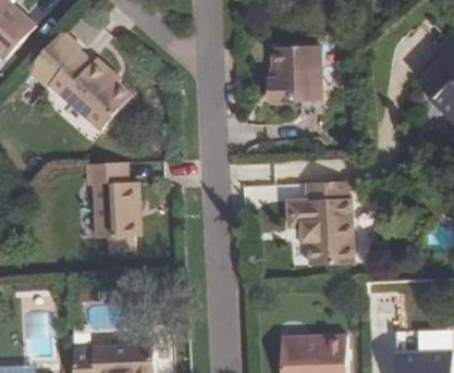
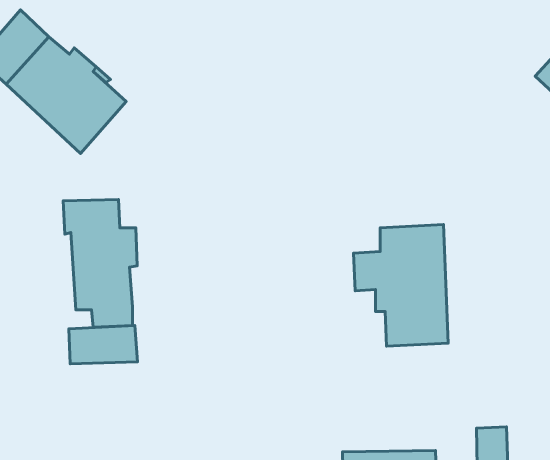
building: [271,45,321,102] -> none
building: none -> [69,326,138,364]

